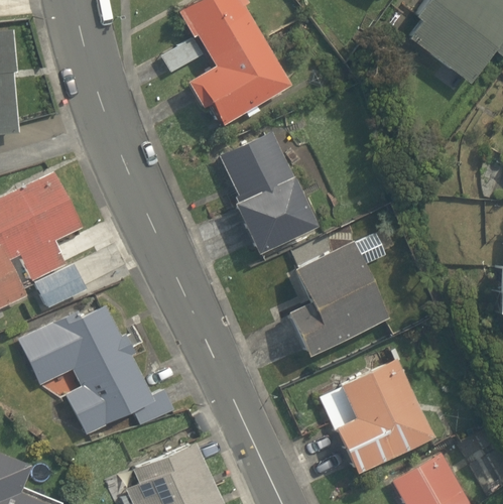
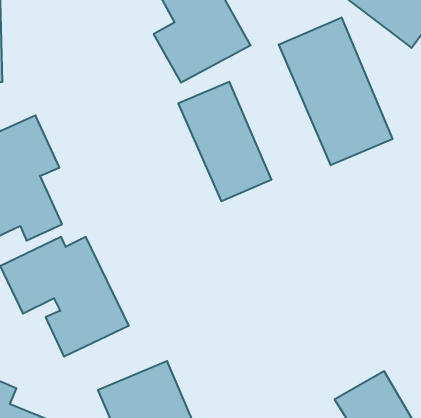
building: none -> [279,17,393,165]
building: [286,239,393,367] -> none
building: [317,357,432,478] -> none

